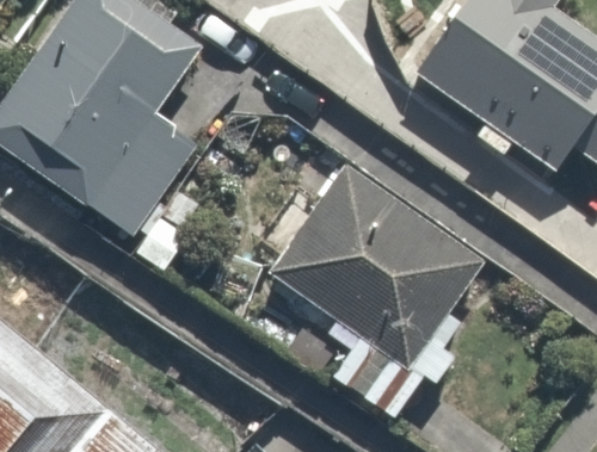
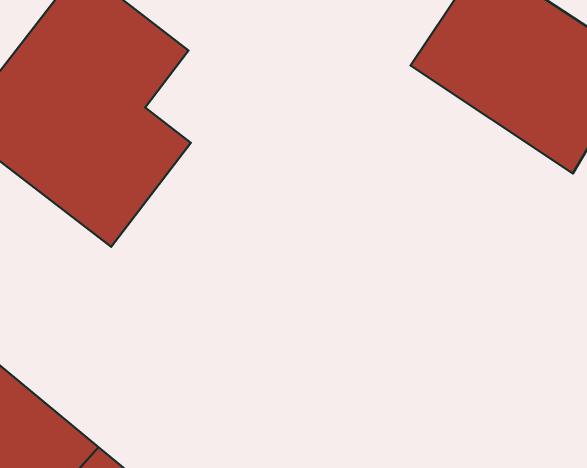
building: [273,165,467,354] -> none

